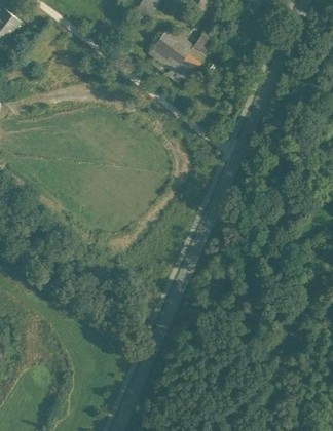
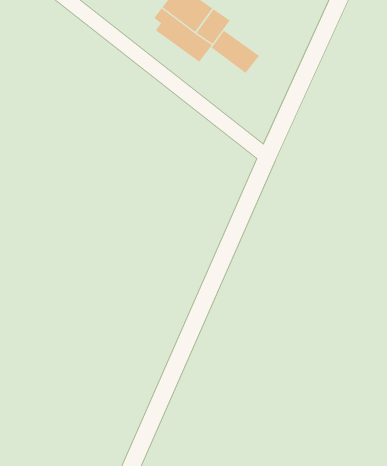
building: none -> [211,30,260,74]

